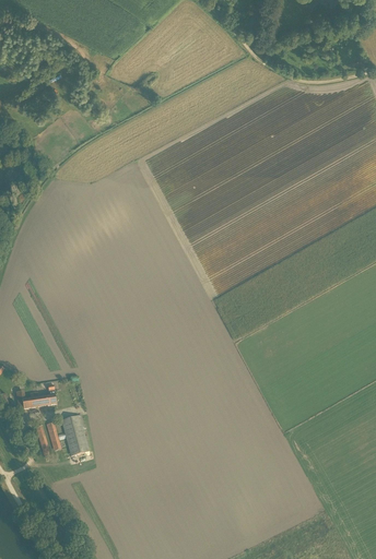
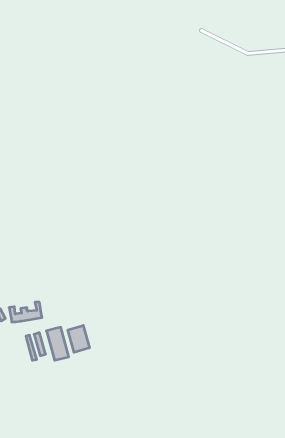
building: none -> [68,325,89,352]

